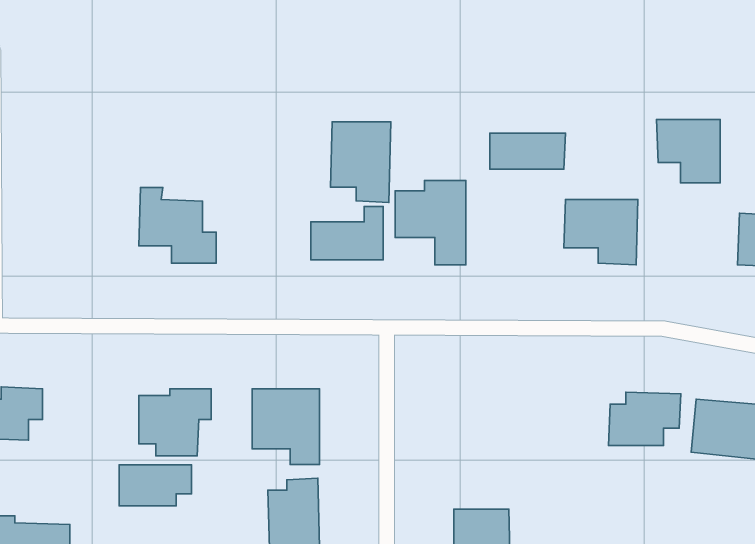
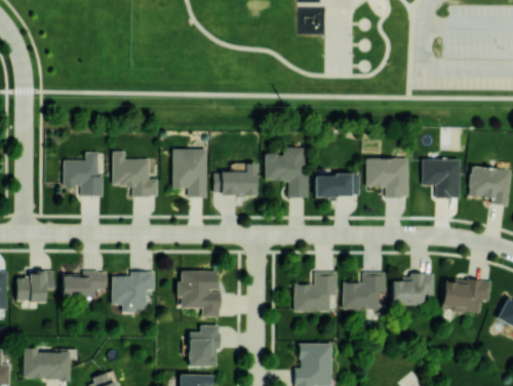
building: [656,119,720,183] -> [422,159,460,197]
building: [330,122,391,203] -> [172,149,208,197]
building: [490,133,566,169] -> [315,175,360,196]
building: none -> [64,152,104,196]
building: none -> [294,272,338,311]
building: none -> [343,272,386,310]
building: [119,465,192,506] -> [63,272,106,297]

